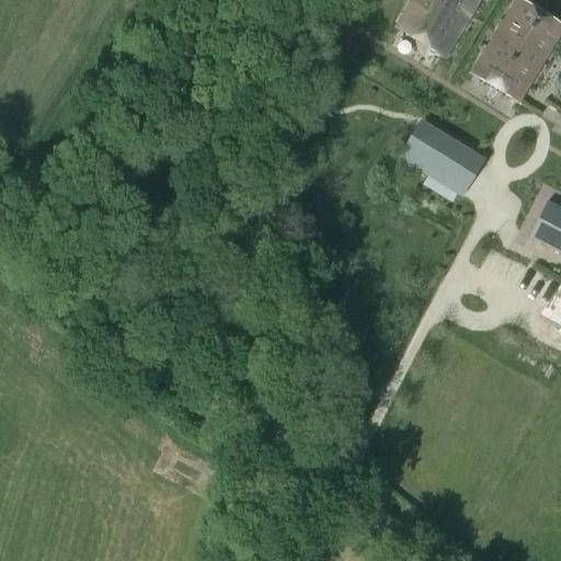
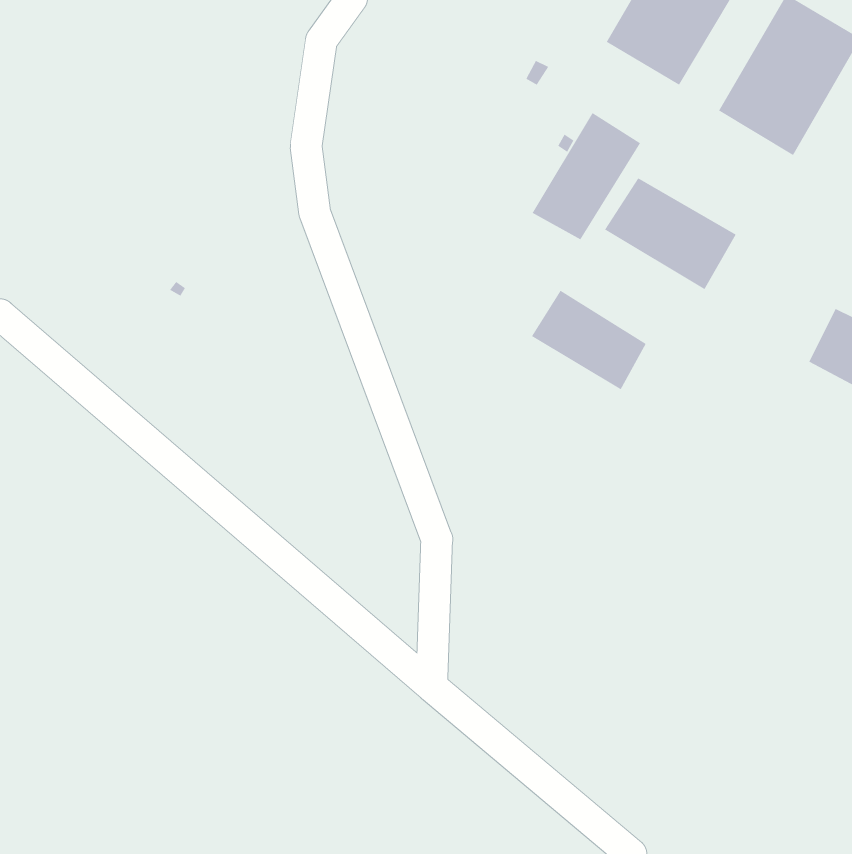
building: none -> [532,112,641,240]
building: none -> [531,290,647,390]

